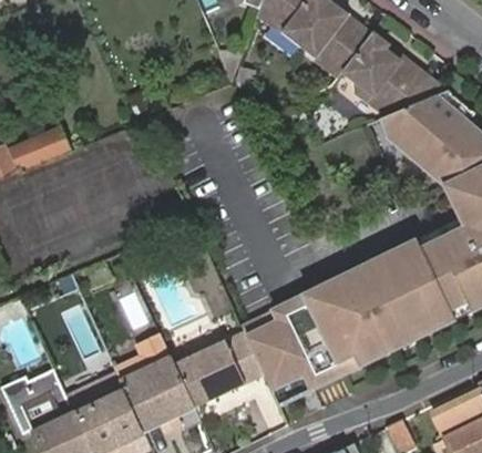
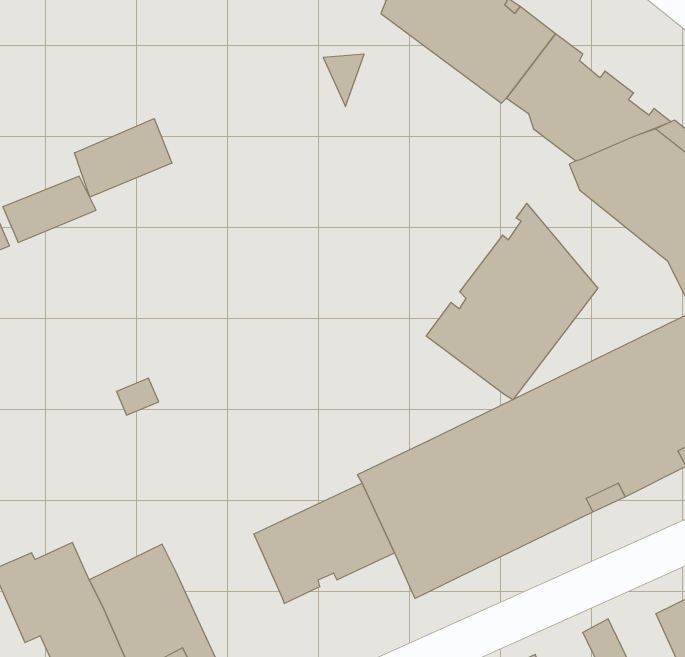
building: none -> [74,119,172,197]
building: none -> [426,203,598,400]
building: [114,338,193,430] -> none

